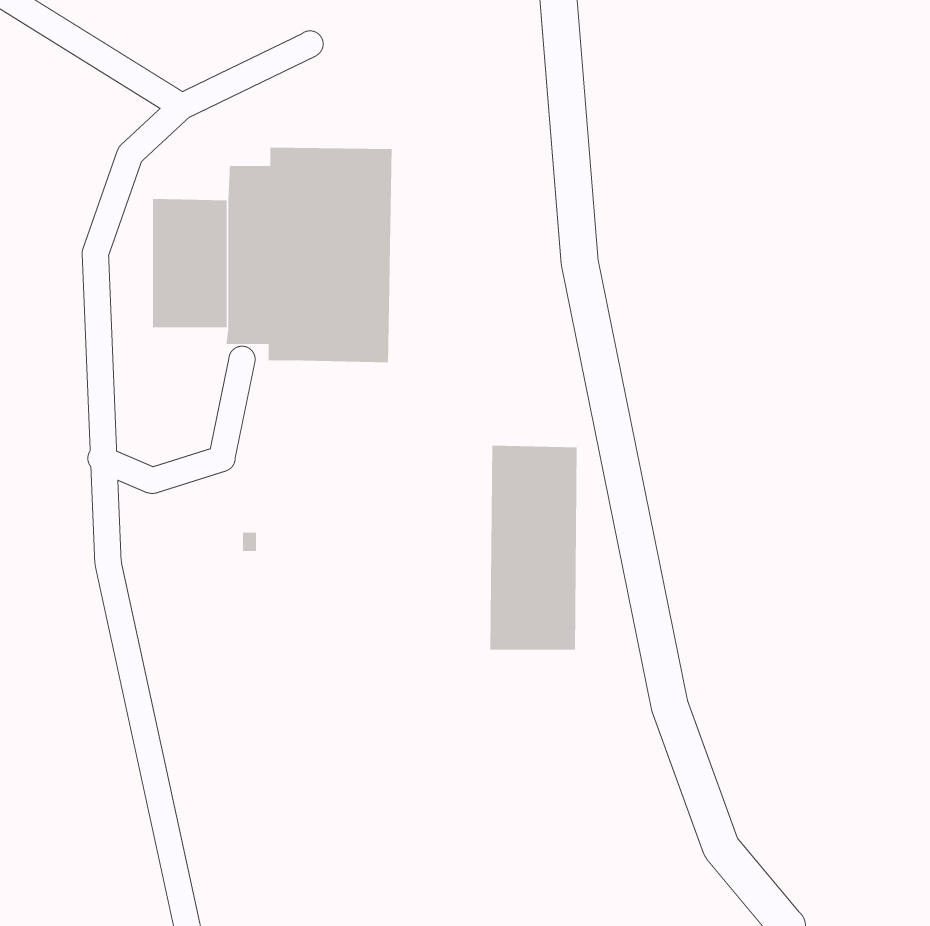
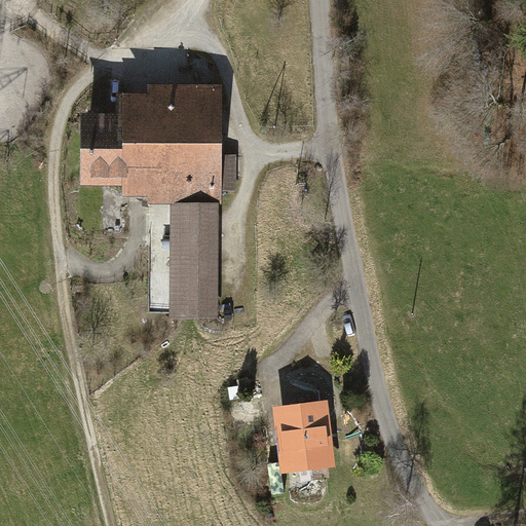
building: [490,445,578,650] -> [168,202,218,317]
building: none -> [275,400,335,469]

